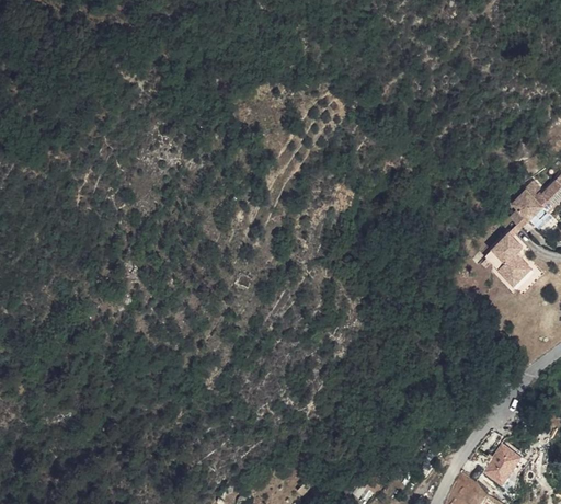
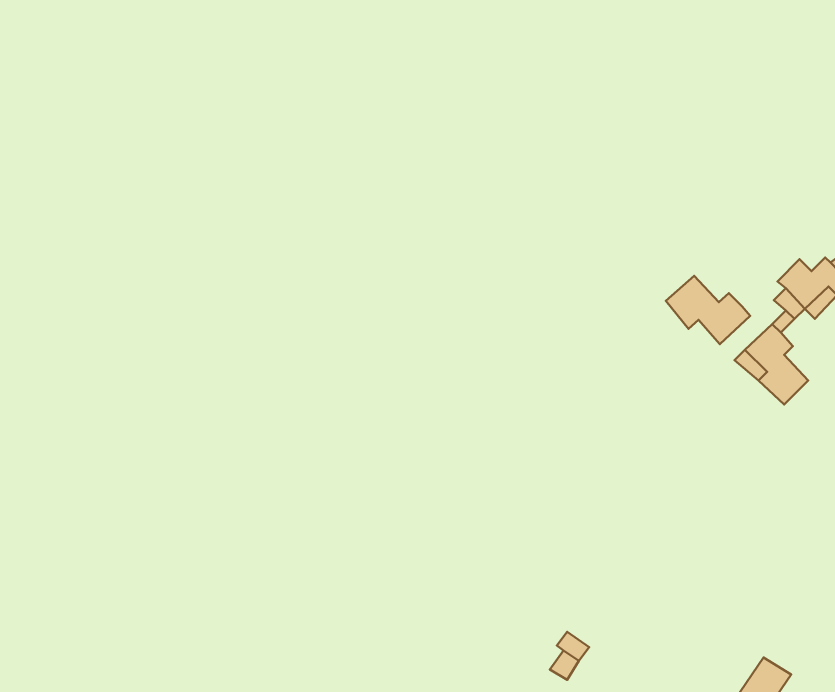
building: none -> [666,276,750,344]

